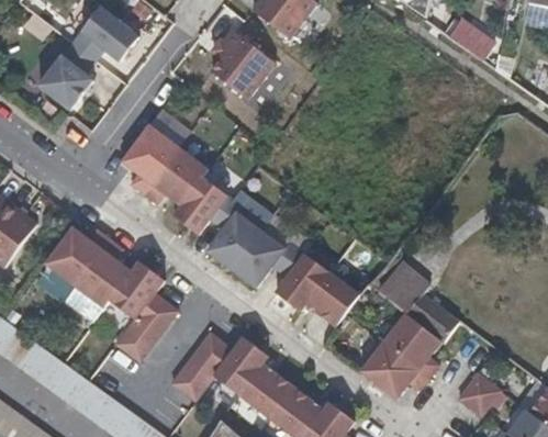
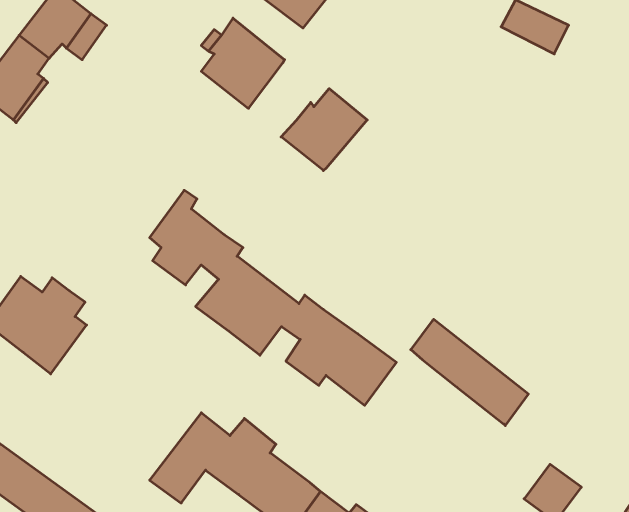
building: none -> [281,89,367,171]
building: [121,126,197,204] -> none
building: [94,260,177,362] -> none
building: [360,313,441,400] -> none

